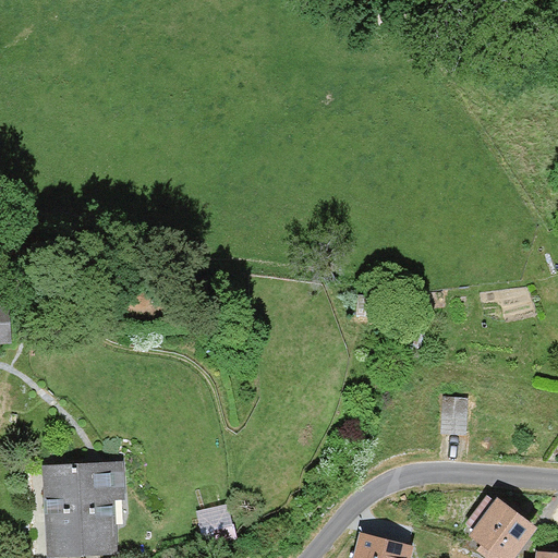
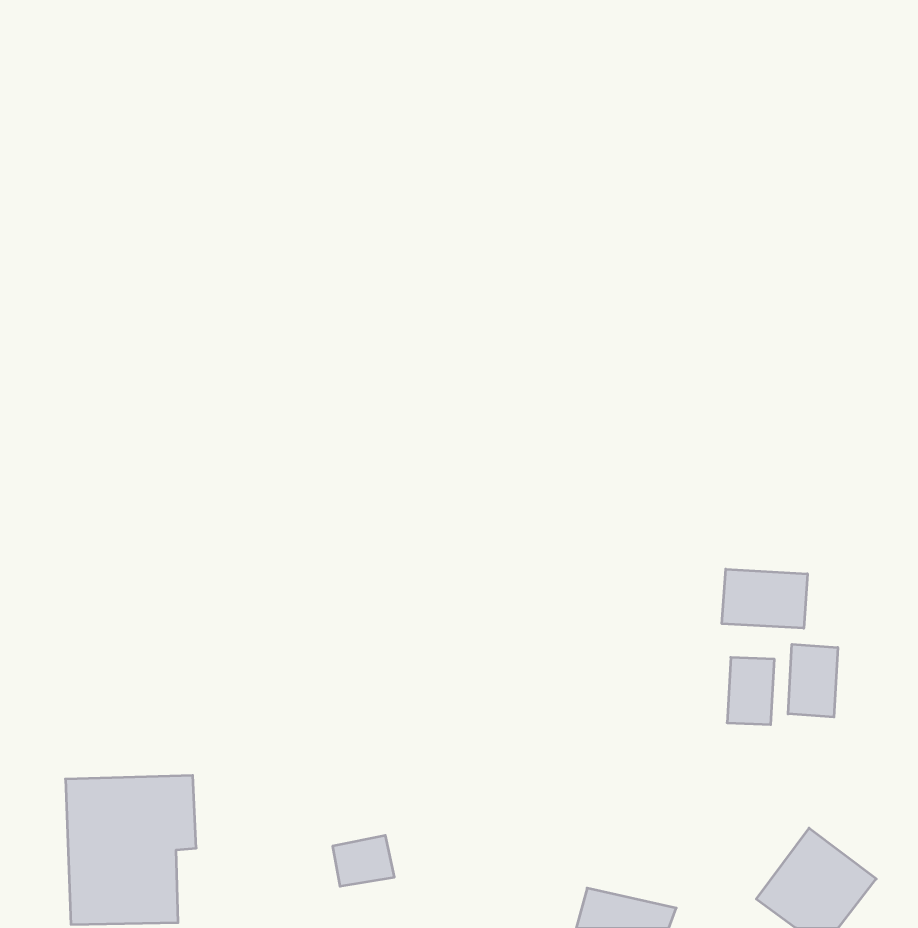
building: none -> [722,569,807,628]
building: none -> [788,644,838,717]

